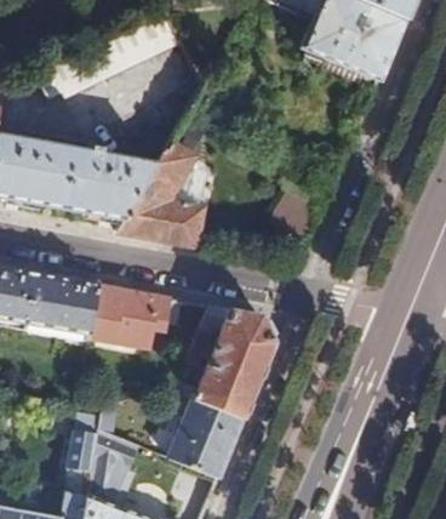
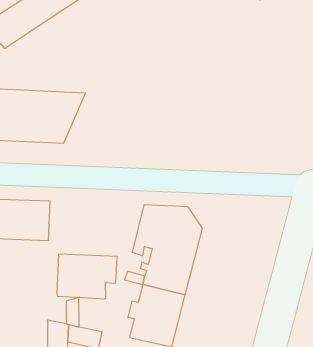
building: [119,130,202,245] -> none
building: [91,285,168,346] -> [57,254,117,299]

